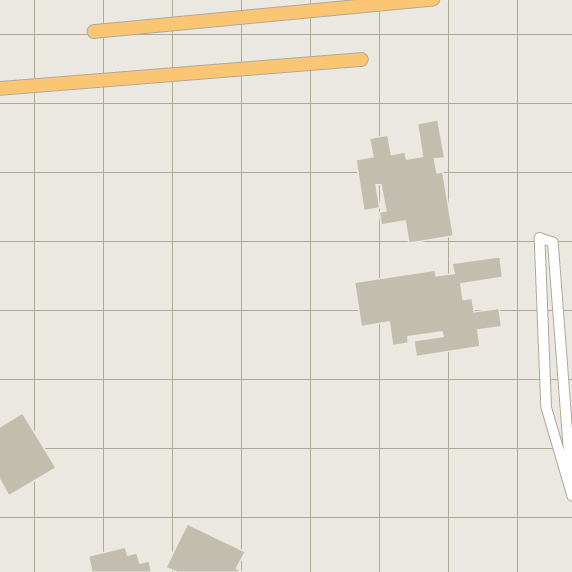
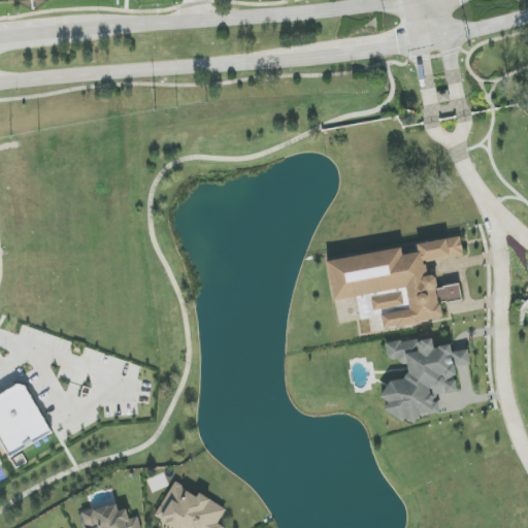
building: [356,120,453,243] -> none
building: none -> [382,335,470,421]

